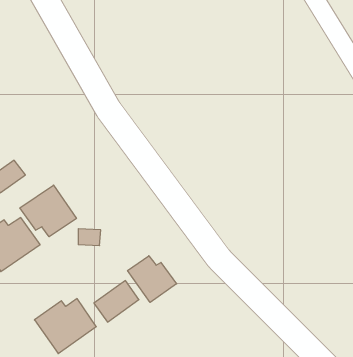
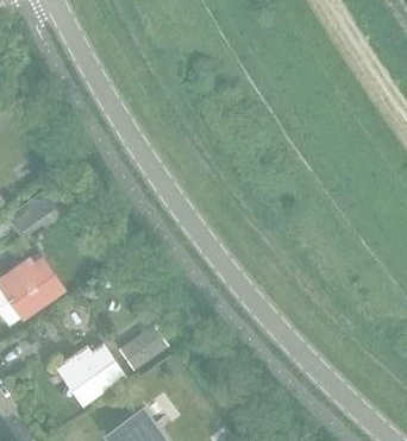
building: [20,185,76,237] -> none
building: [128,256,177,302] -> none

